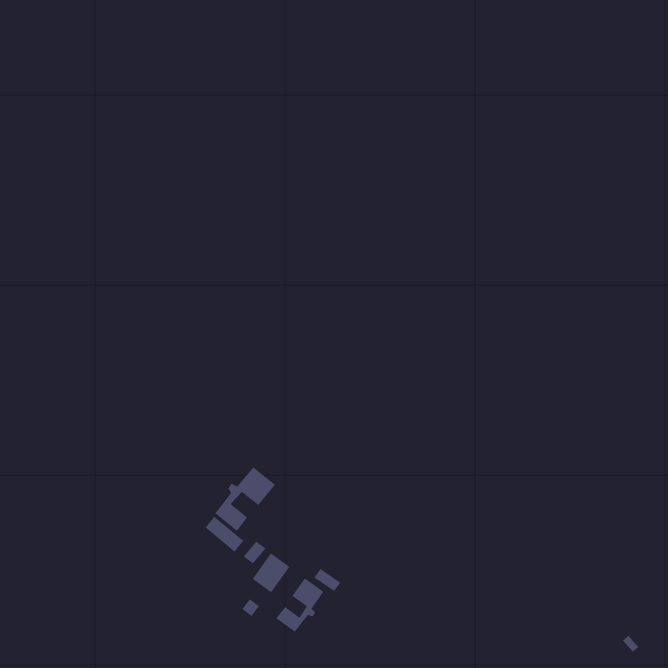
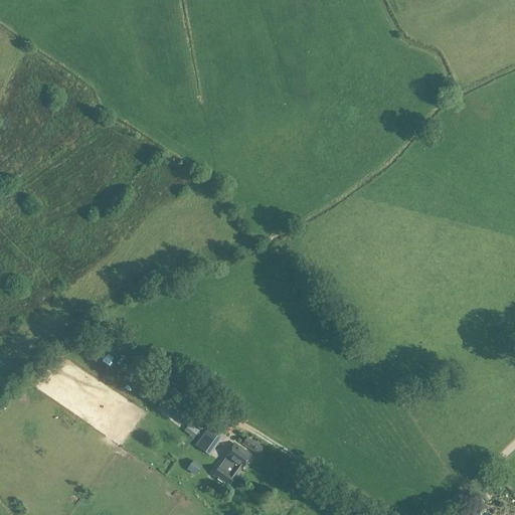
building: [214,467,276,532] -> none

